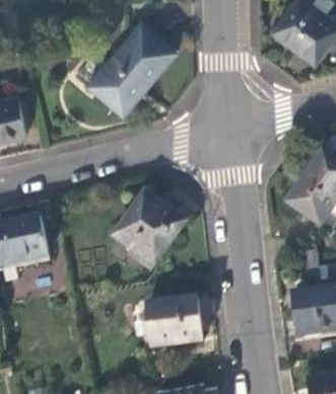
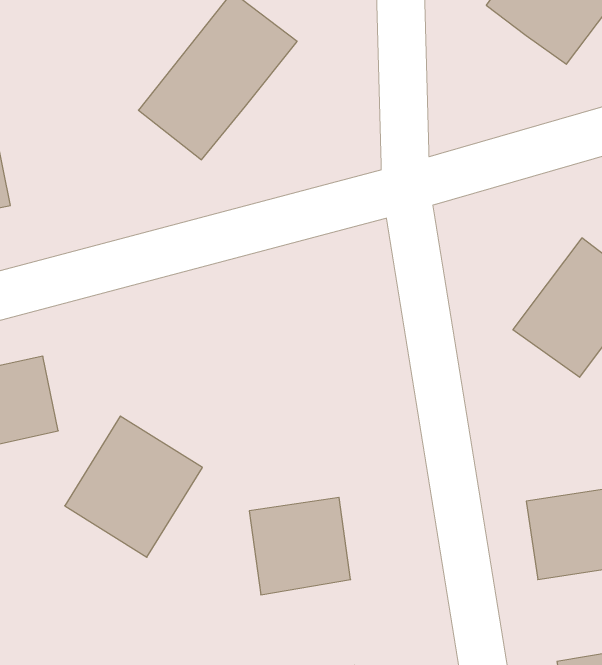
building: [111,189,184,264] -> [65,416,202,557]

